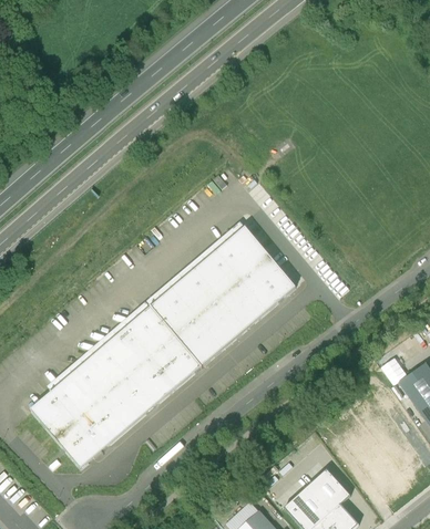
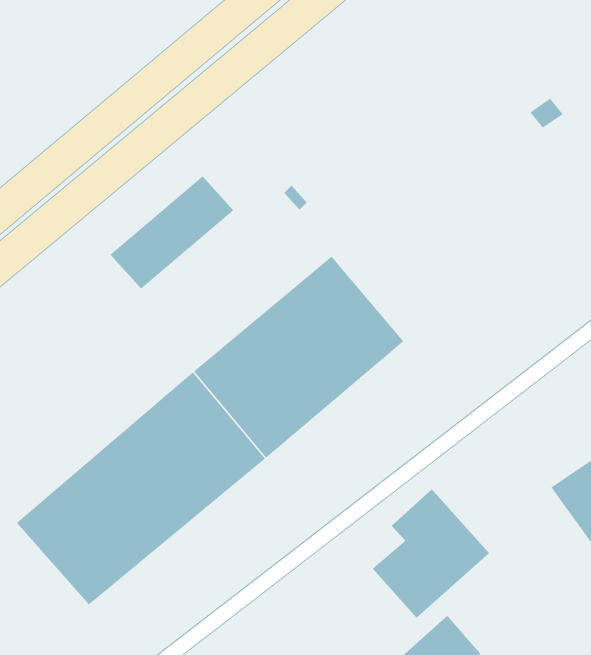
building: none -> [110,176,234,290]
building: none -> [372,488,490,619]

